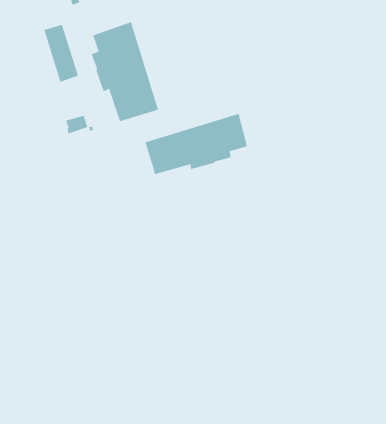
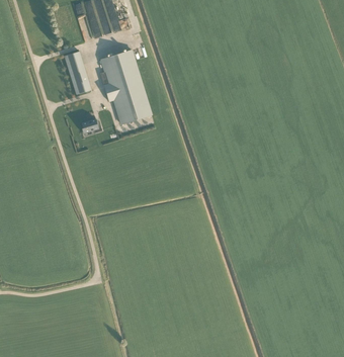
building: [145,113,248,175] -> none

